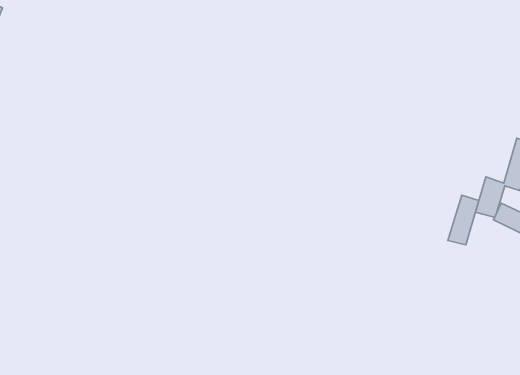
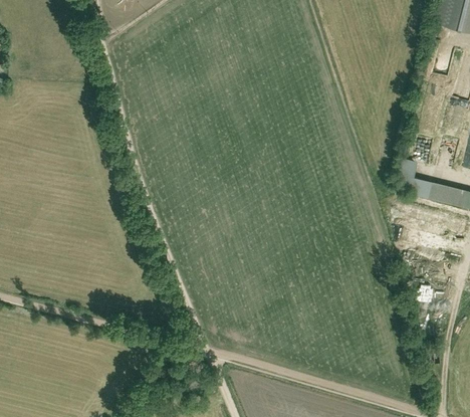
building: [448,195,479,245] -> none

